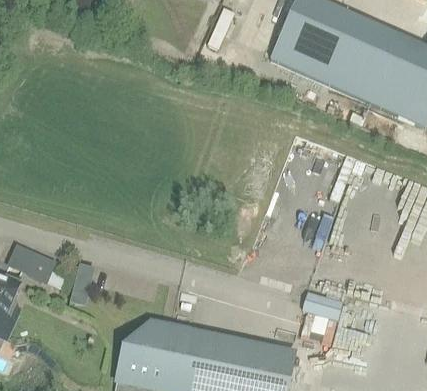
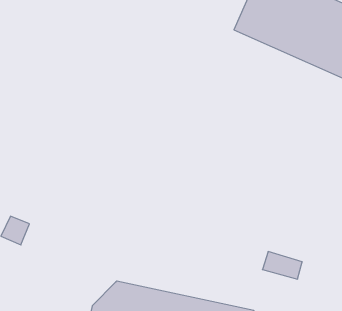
building: [73,260,95,303] -> none

